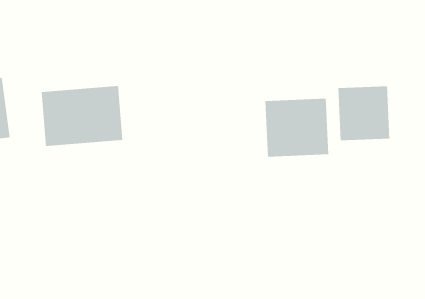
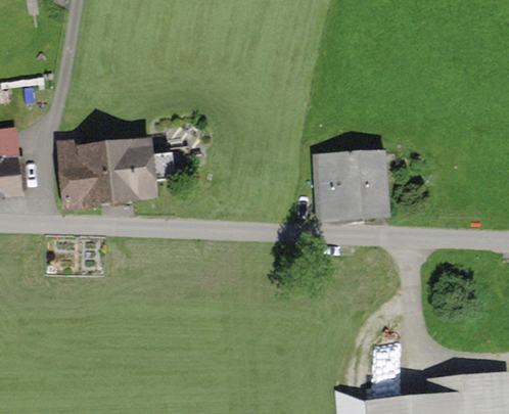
building: [338,85,390,141] -> none

